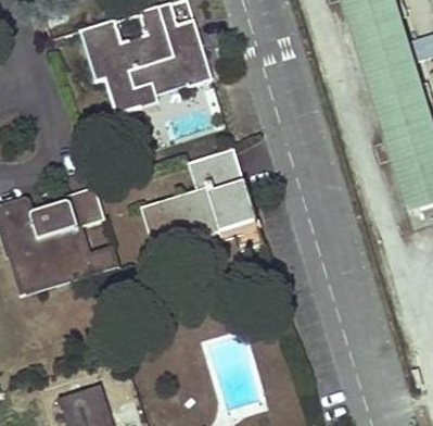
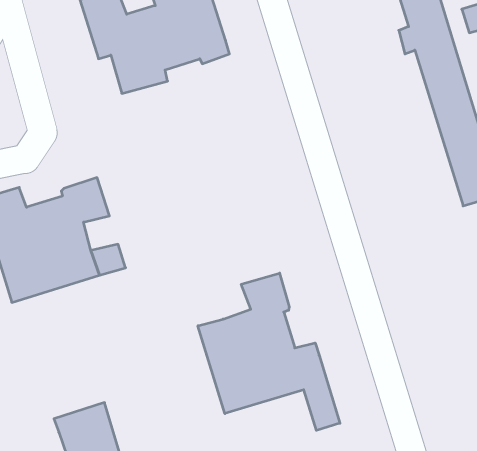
building: [141,147,263,252] -> none
building: none -> [198,273,340,430]

